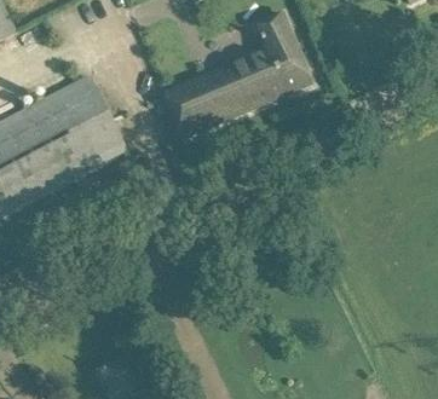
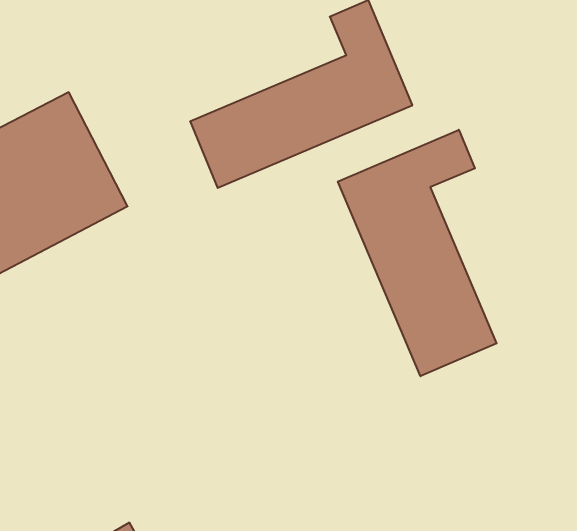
building: none -> [338,130,497,376]

